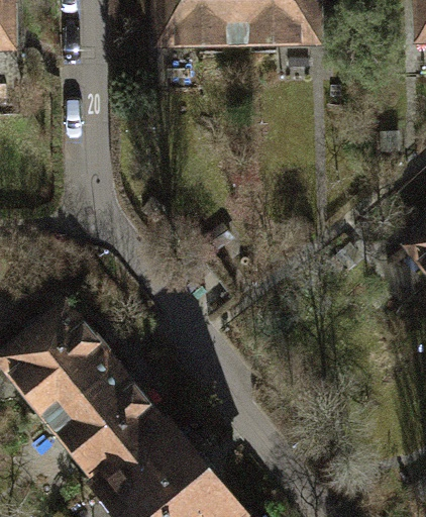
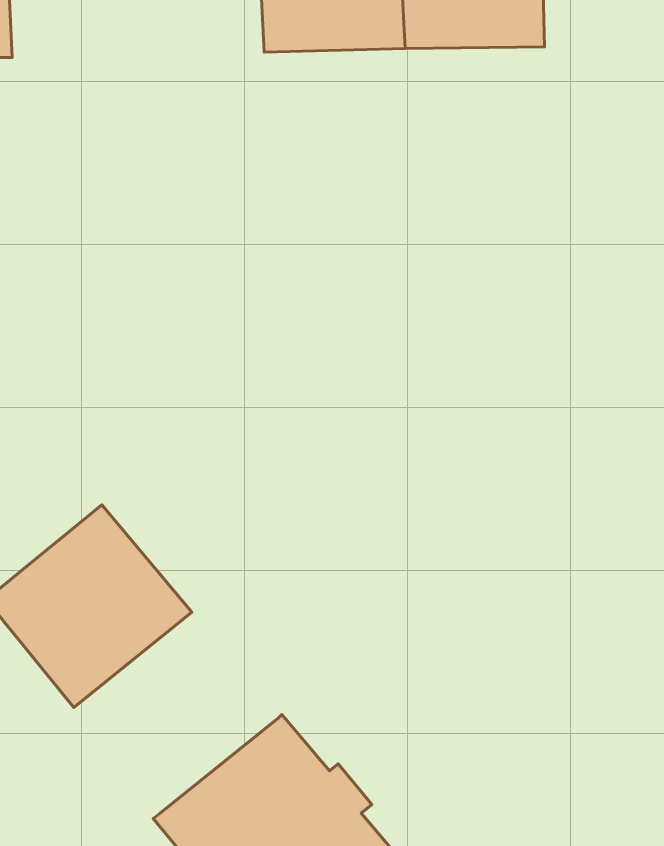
building: [49,364,167,479] -> none

